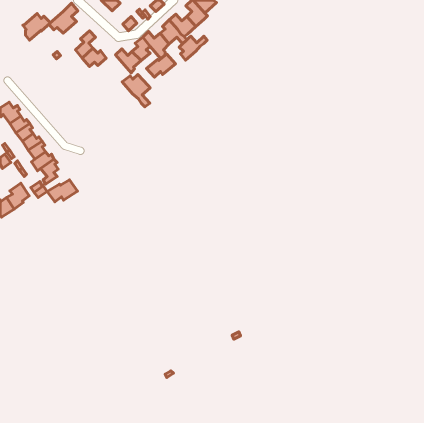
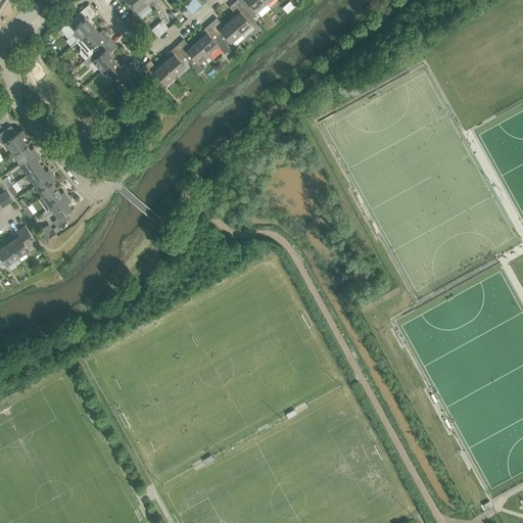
building: [23,14,50,40] -> [77,28,110,60]
building: [179,36,207,60] -> none
building: [146,54,175,77] -> none
building: [122,75,150,107] -> none
building: [47,180,77,202] -> none

